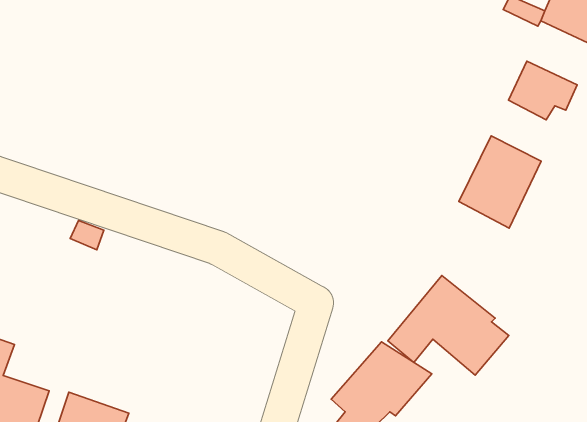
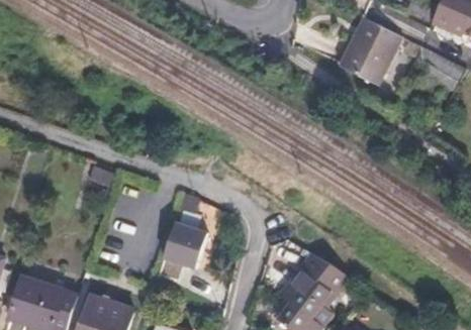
building: [459,136,541,228] -> [337,17,396,84]
building: [388,275,509,375] -> none
building: none -> [164,224,208,270]

